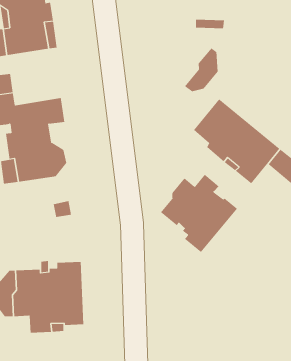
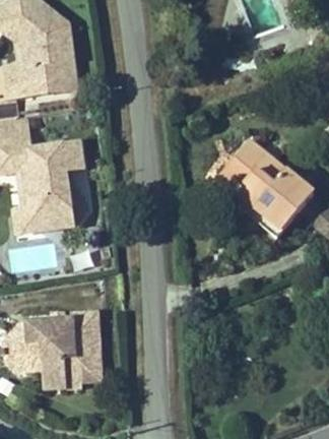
building: [184,47,218,92] -> none
building: [160,174,238,253] -> none

